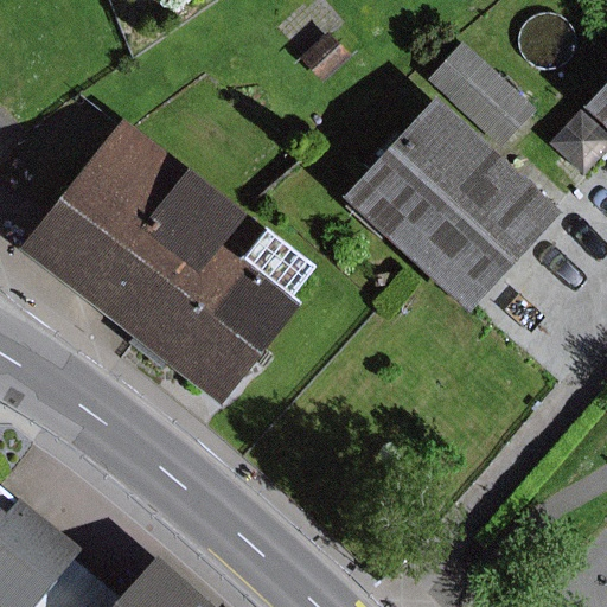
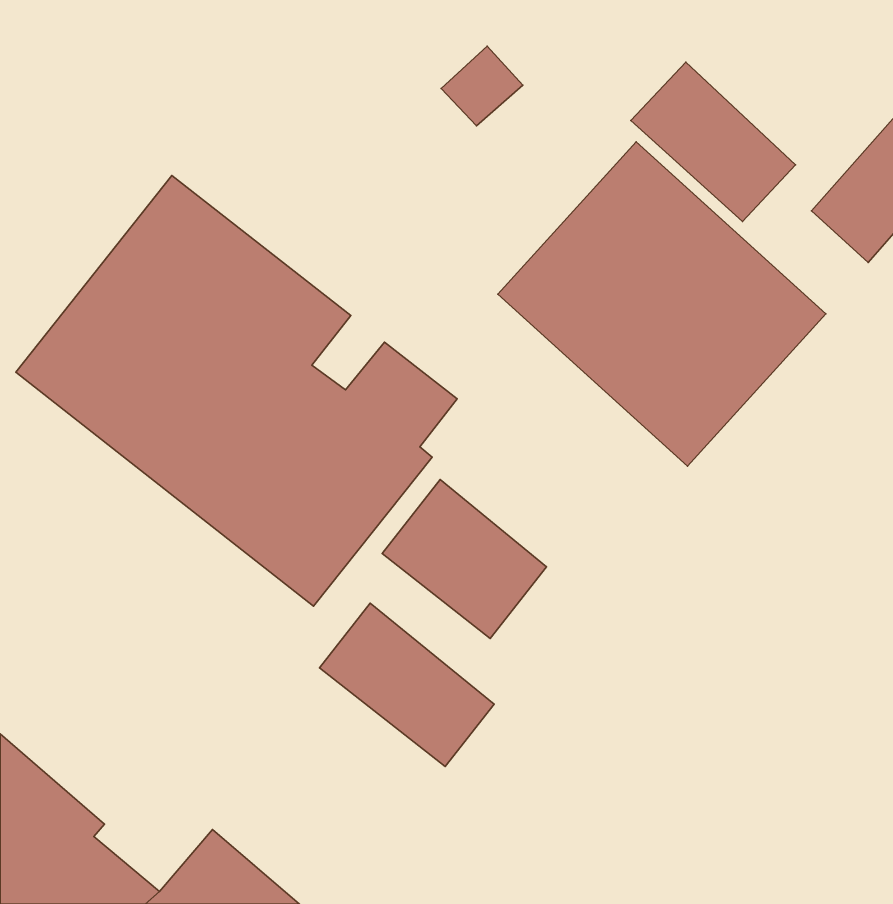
building: none -> [382,480,547,639]
building: none -> [320,603,494,767]

